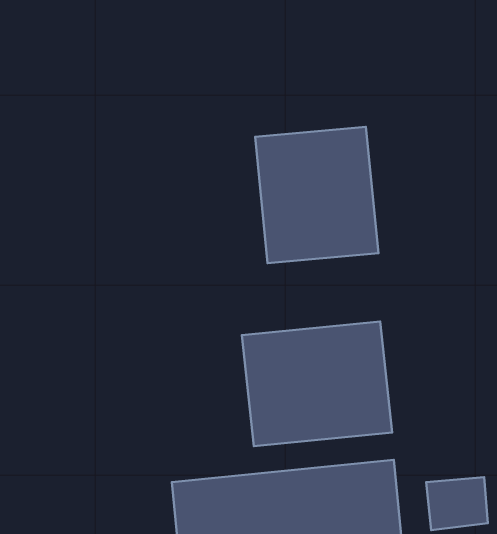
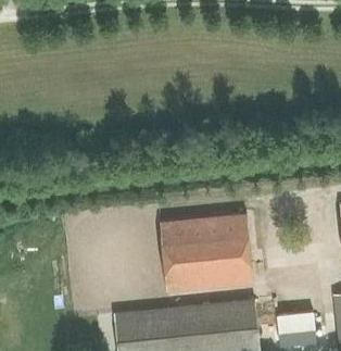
building: [255,127,378,263] -> none

